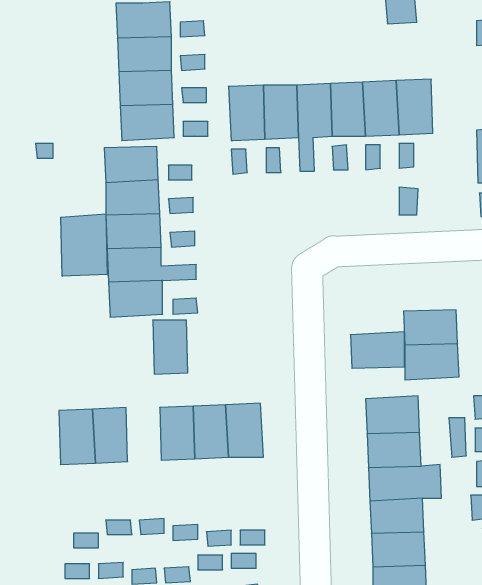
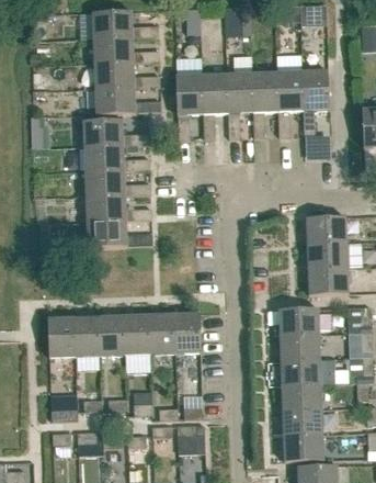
building: [61,214,107,276] -> none
building: [153,320,188,374] -> [99,316,125,357]
building: [350,332,404,368] -> [306,216,346,244]

